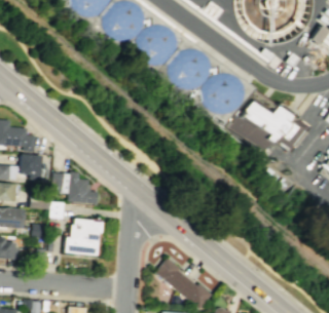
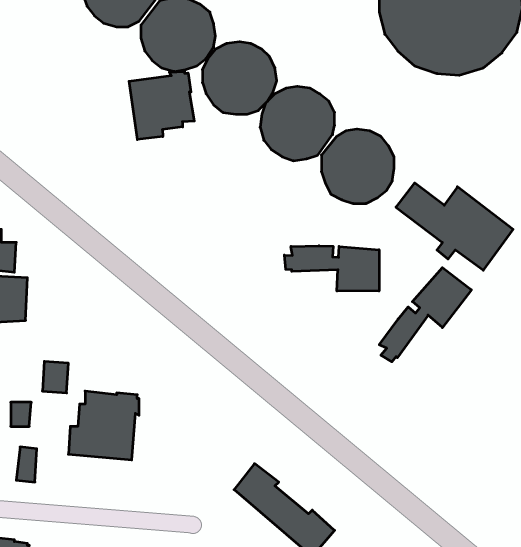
building: none -> [129,72,194,140]
building: none -> [284,246,379,291]
building: none -> [379,268,471,362]
building: [51,171,98,204] -> none

